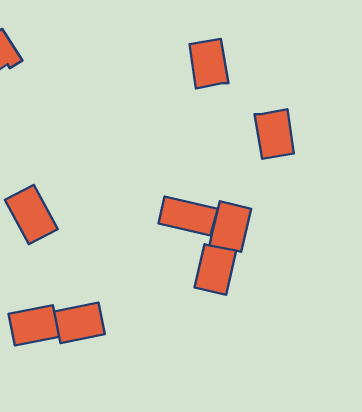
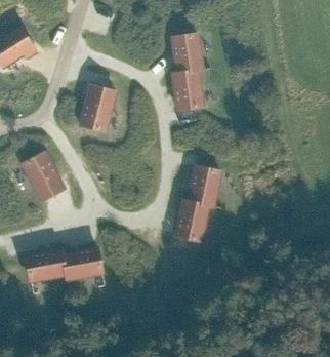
building: none -> [80,86,116,132]
building: [254,109,294,159] -> [171,71,203,111]
building: [159,196,218,236] -> none

